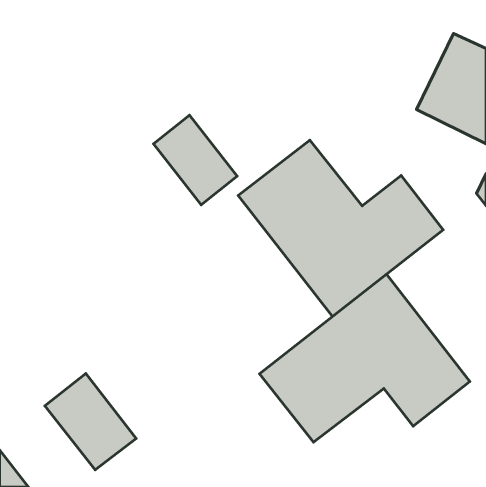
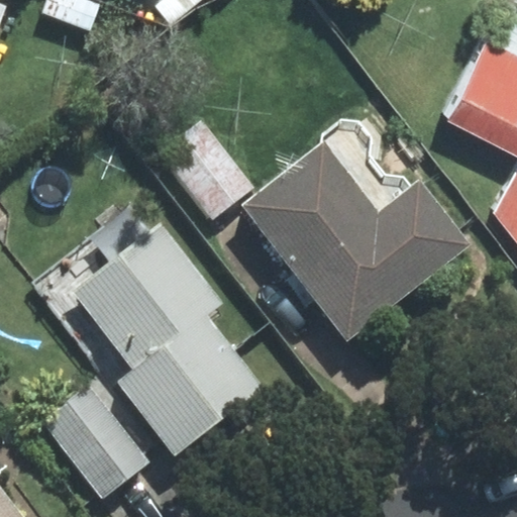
building: none -> [80,247,257,440]
building: [260,274,470,442] -> none

